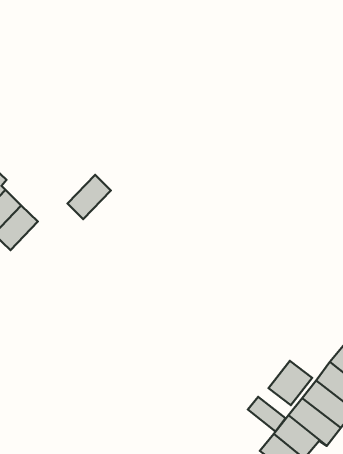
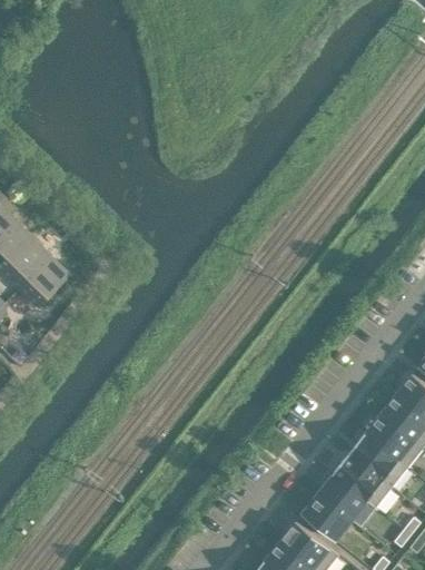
building: [67,175,111,219] -> [20,254,69,304]
building: [268,361,312,405] -> none
building: [248,397,286,431] -> none

